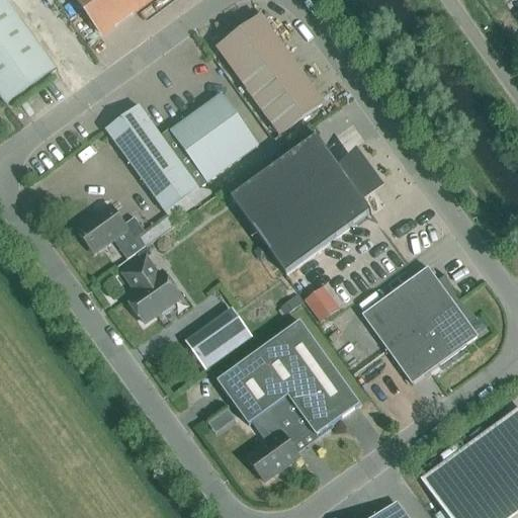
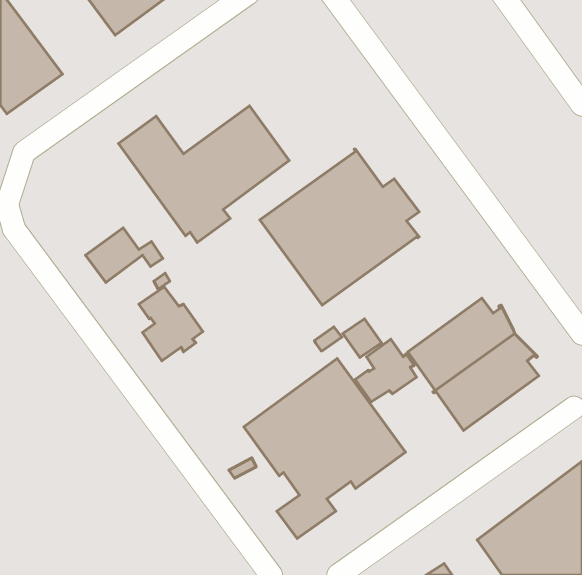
building: [219,15,323,132] -> none
building: none -> [355,339,417,402]
building: [177,303,247,368] -> none

